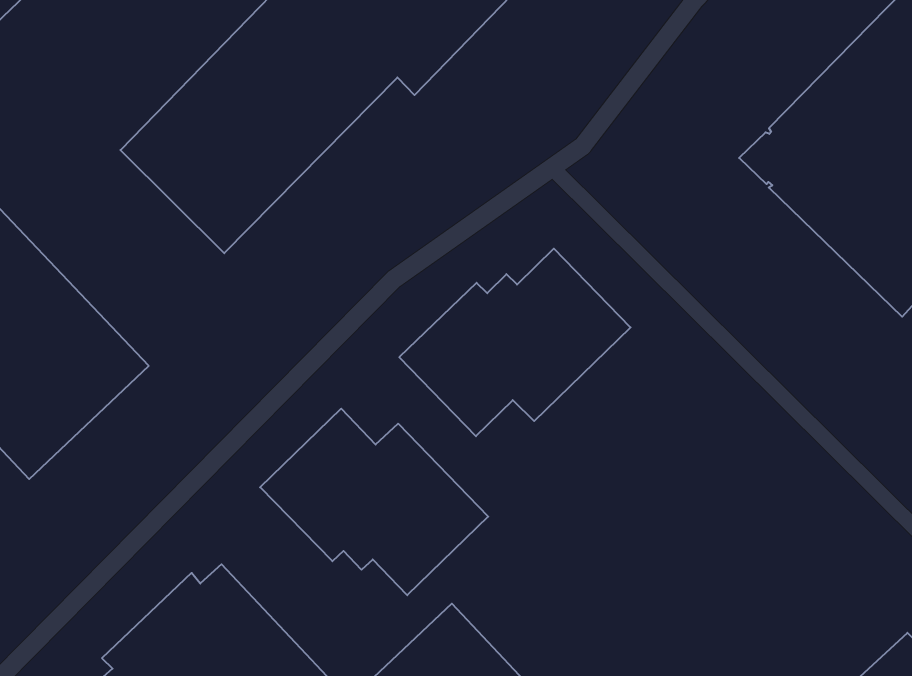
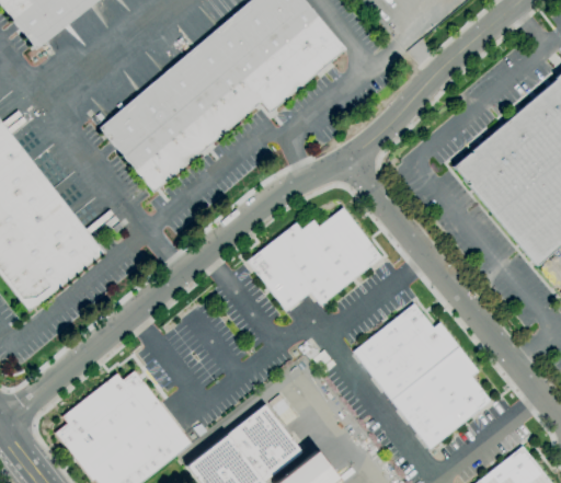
building: none -> [353,304,491,449]
building: [260,409,488,595] -> none

